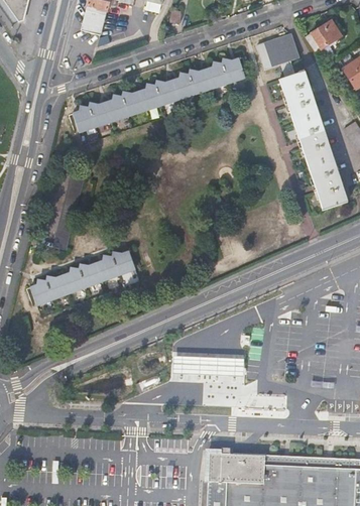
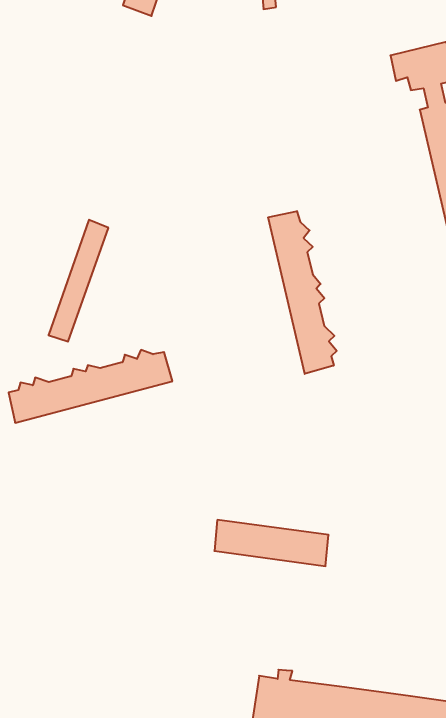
building: [73,58,245,132] -> none
building: none -> [268,211,337,374]

